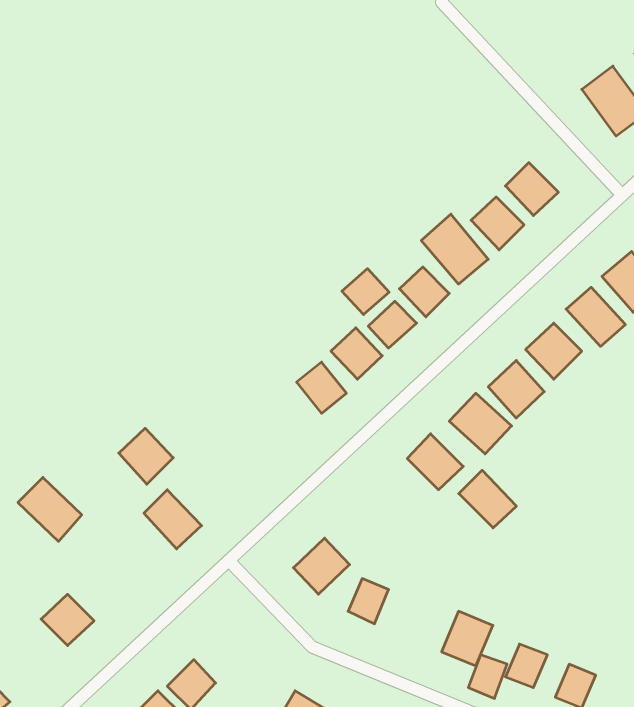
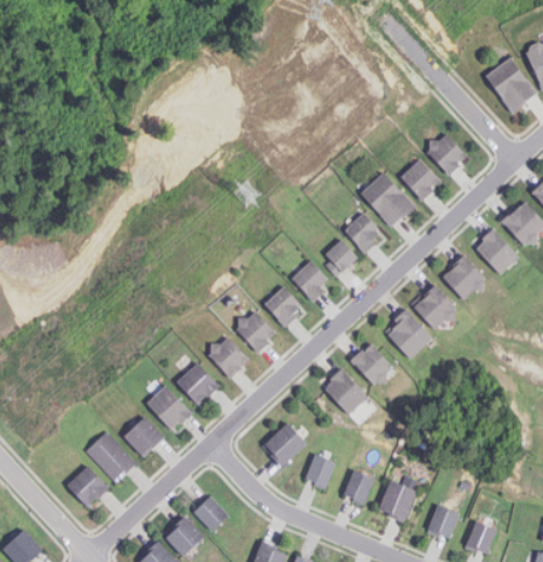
building: [342,269,389,315] -> none
building: none -> [235,311,275,352]
building: none -> [208,336,247,377]
building: [119,428,173,484] -> [176,363,218,406]
building: [459,470,516,528] -> [322,369,367,414]
building: [18,477,82,541] -> [86,433,135,482]
building: none -> [123,417,163,457]
building: none -> [193,496,228,531]
building: [468,655,507,698] -> [343,470,373,504]

